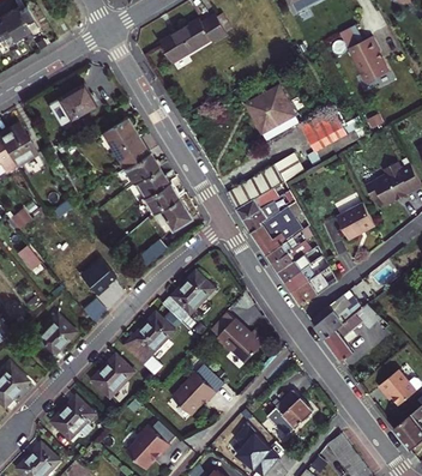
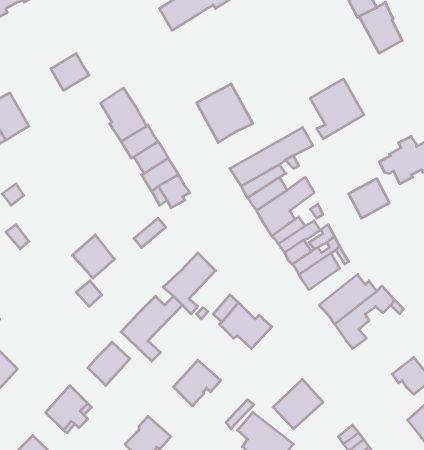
building: [246,85,299,140] -> [197,84,253,143]
building: [34,314,74,355] -> none

